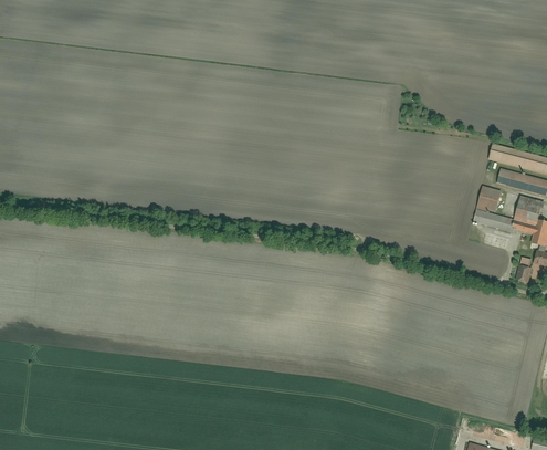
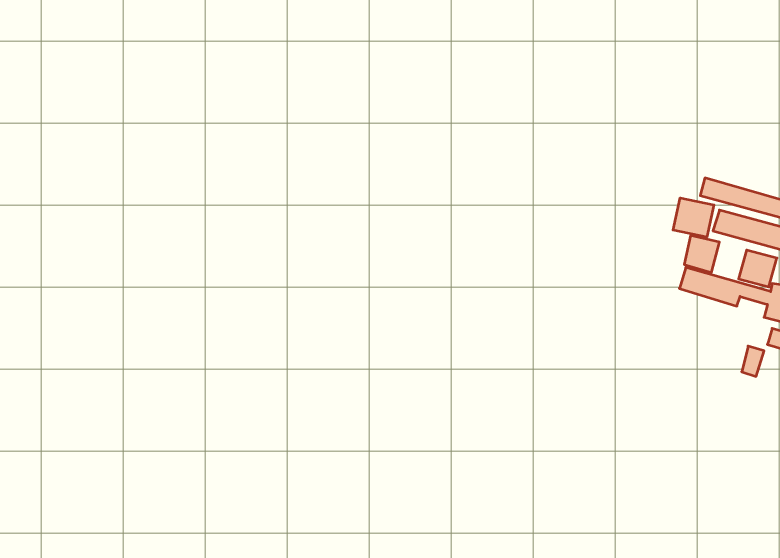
building: none -> [673,198,714,237]

